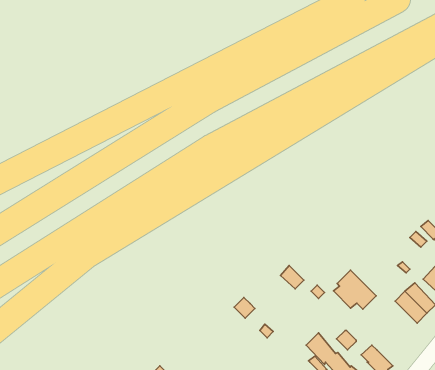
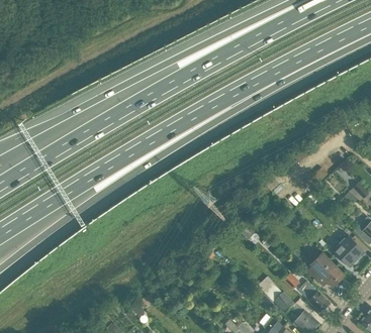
building: [334,270,376,309] -> [308,253,344,286]

